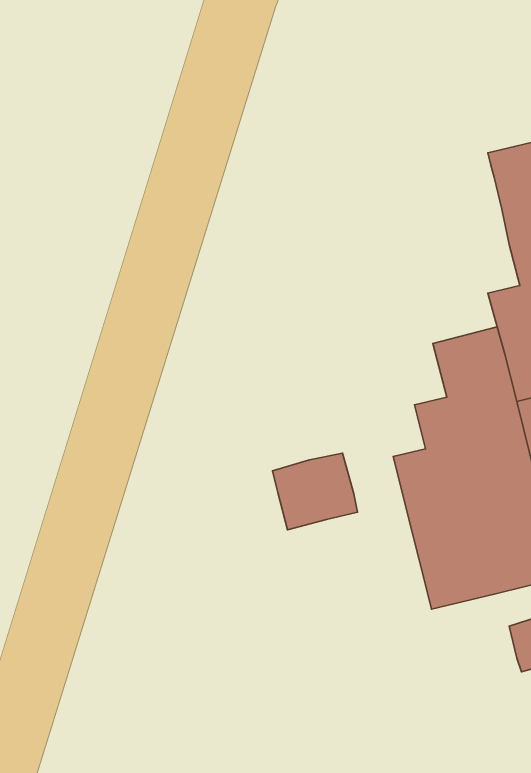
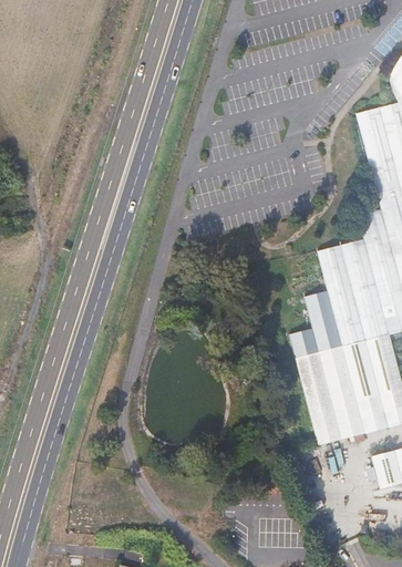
building: [273,453,357,530] -> none

